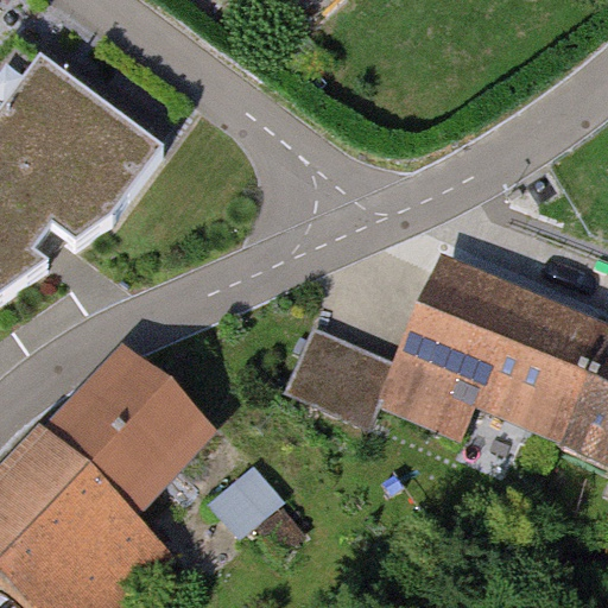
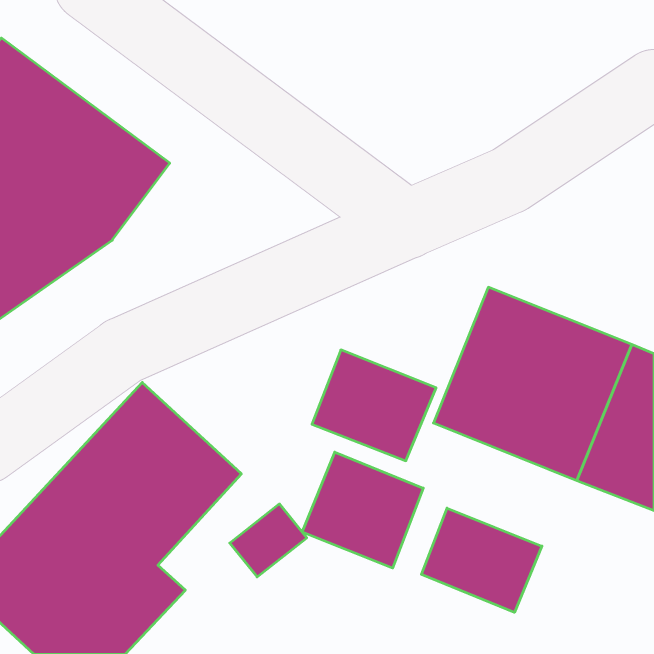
building: none -> [302,452,423,568]
building: none -> [421,508,542,612]

